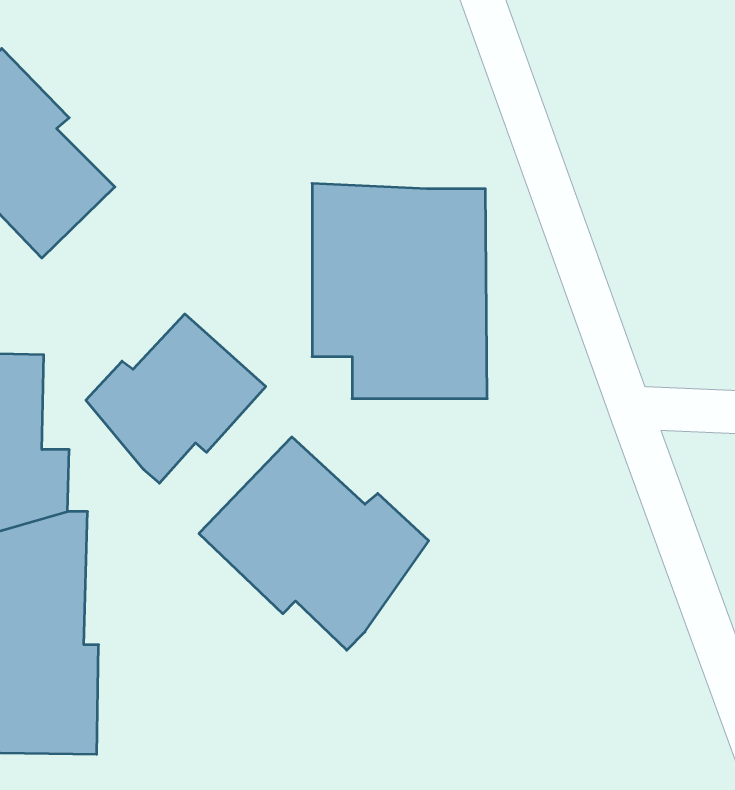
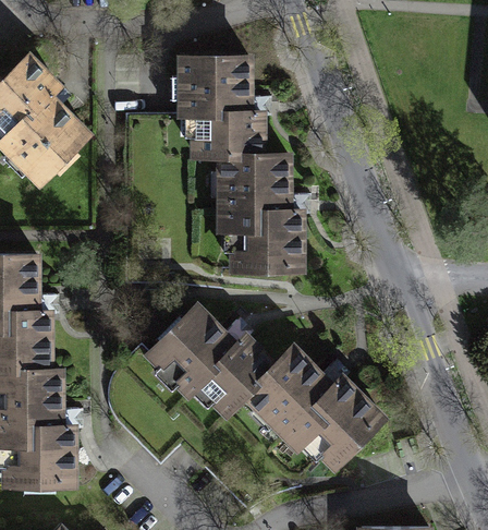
building: none -> [172,53,271,148]
building: [86,314,266,483] -> none
building: none -> [234,345,385,471]

